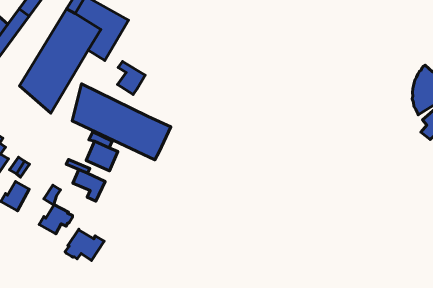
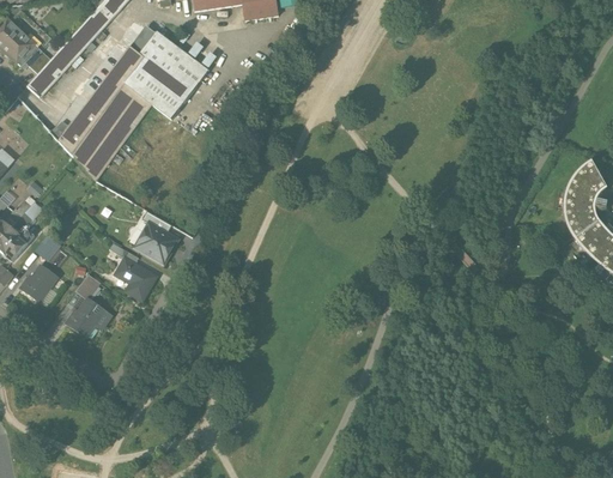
building: [118,61,145,94] -> none
building: [72,84,171,160] -> none
building: [65,229,104,261] -> none

